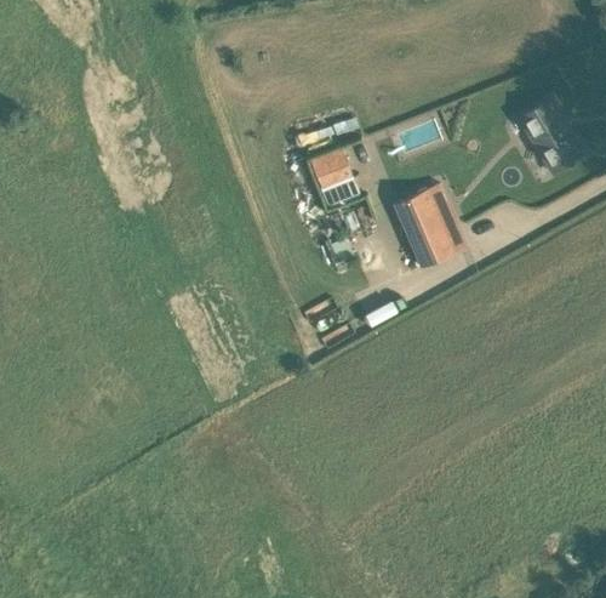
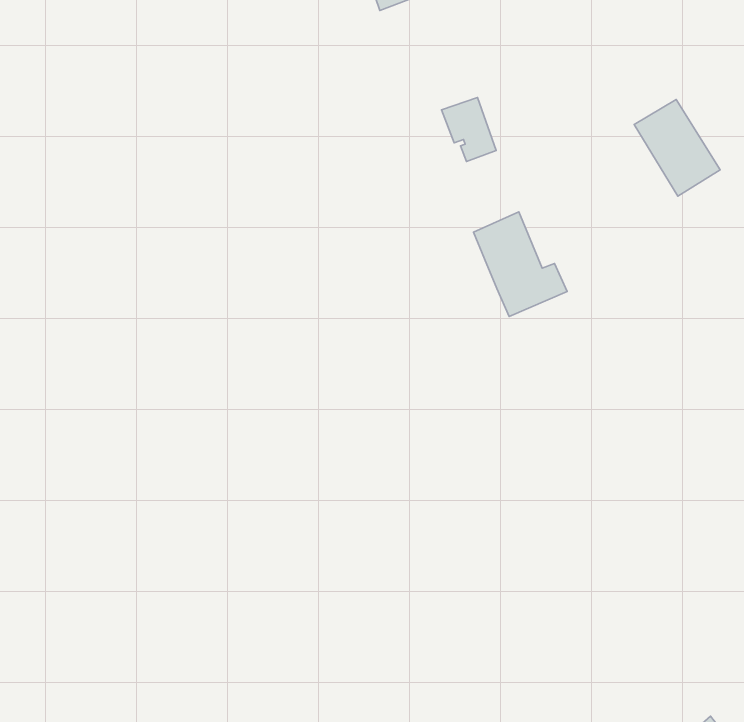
building: [314,150,356,200] -> [442,97,496,161]

